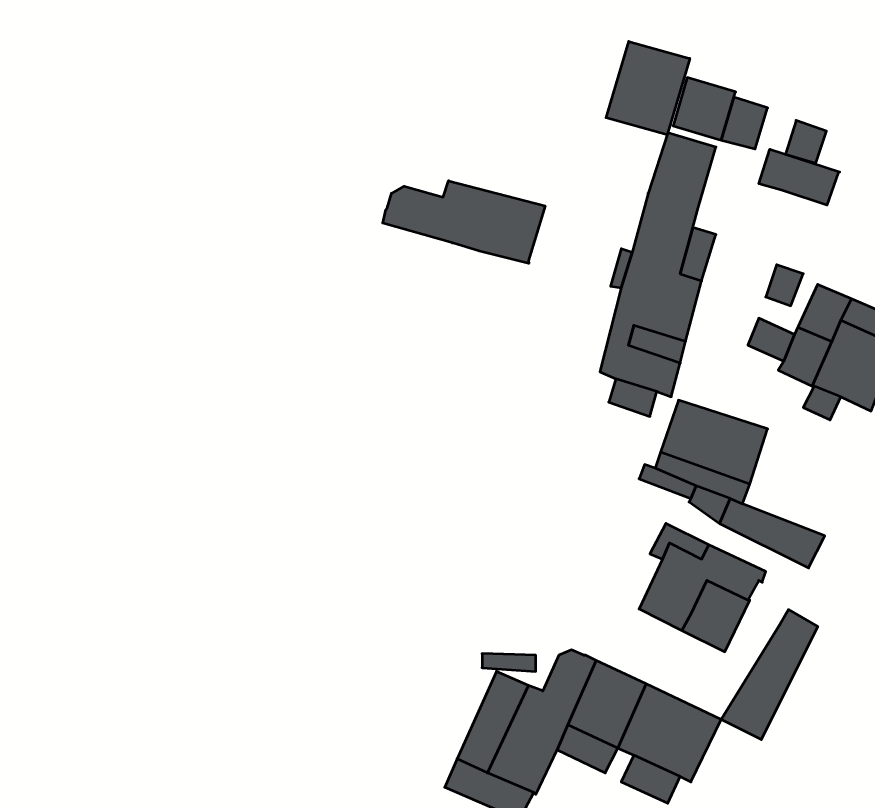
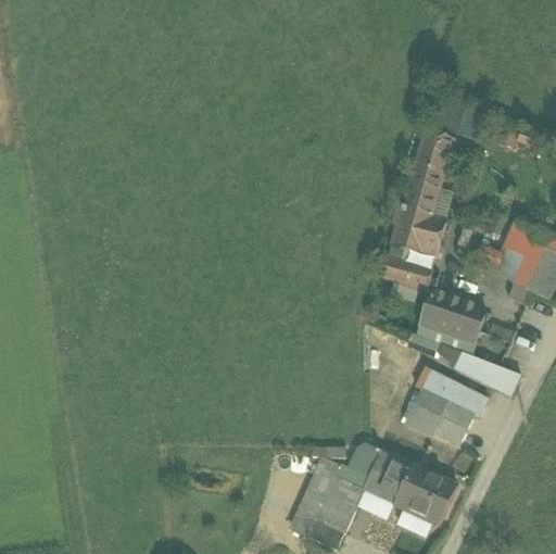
building: [606,41,690,135] -> none
building: [759,149,840,205] -> none
building: [383,181,545,263] -> none
building: [721,610,818,740] -> none

